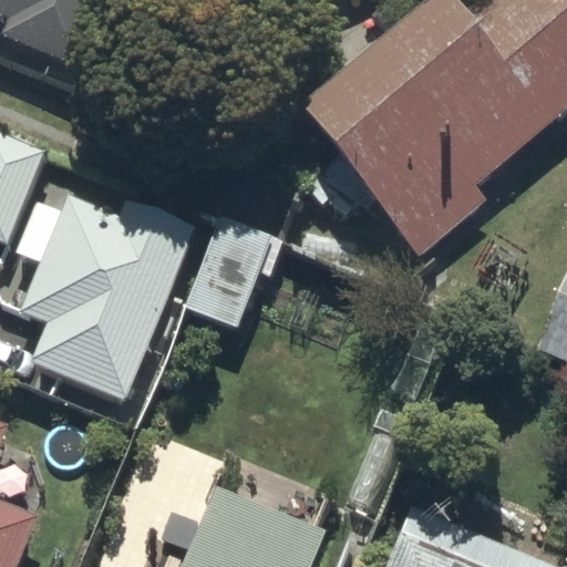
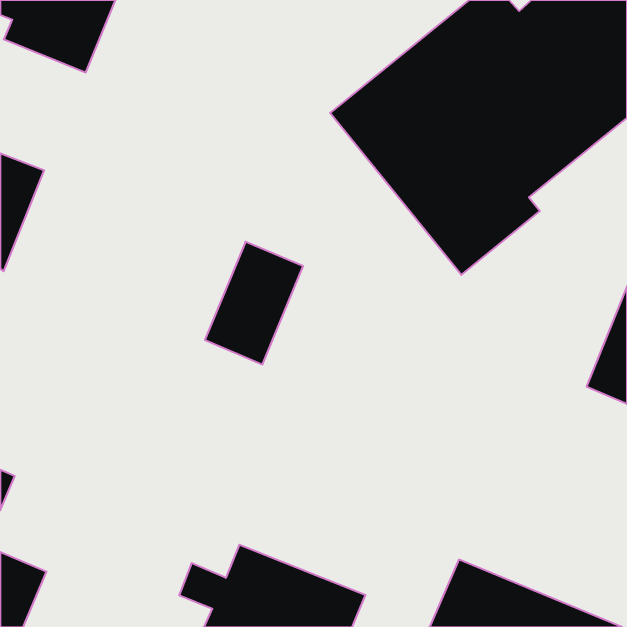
building: [21,197,196,403] -> none

